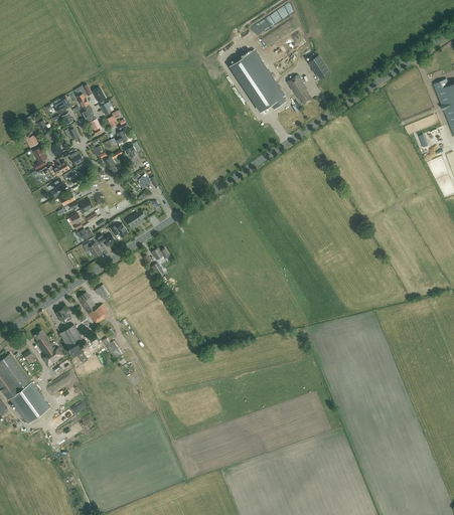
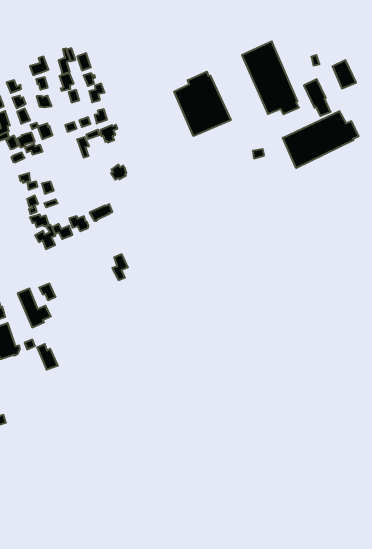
building: none -> [174,72,231,136]
building: none -> [283,111,358,168]

